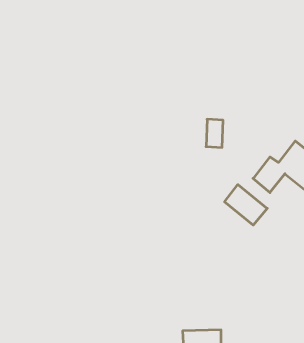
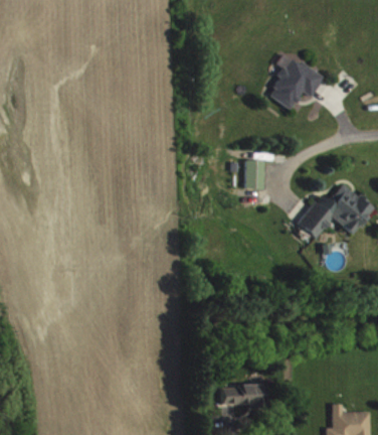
building: none -> [267,52,323,110]
building: [225,185,267,225] -> none

